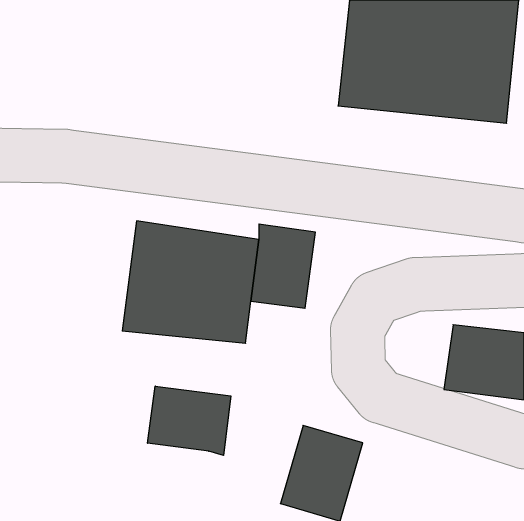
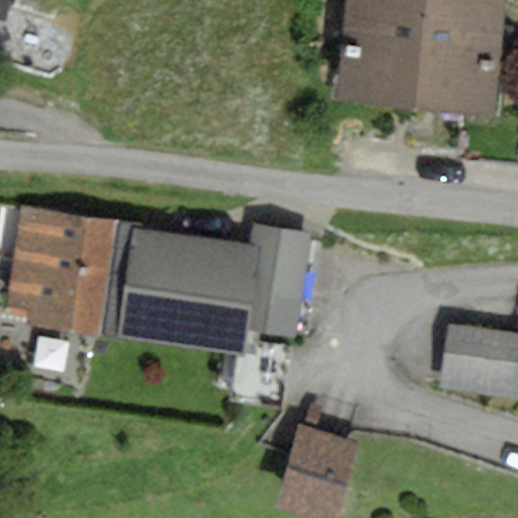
building: none -> [7,207,135,330]
building: [148,386,231,455] -> none

